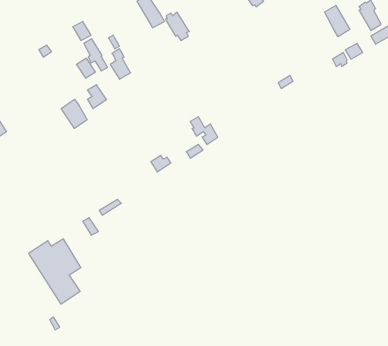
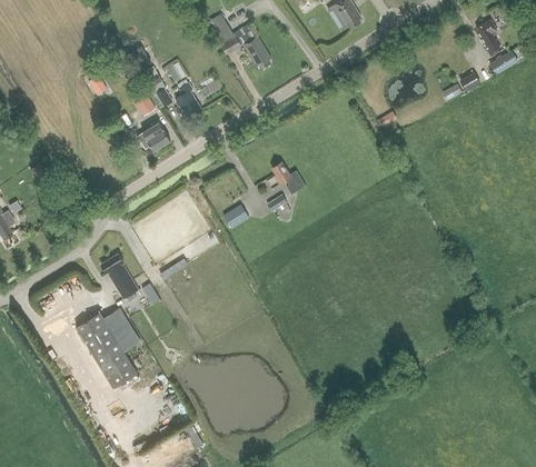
building: [325,5,350,37] -> none
building: [61,99,87,128] -> none
building: none -> [100,254,138,299]

